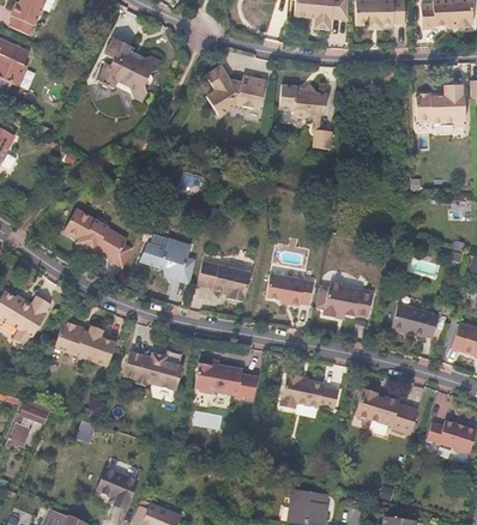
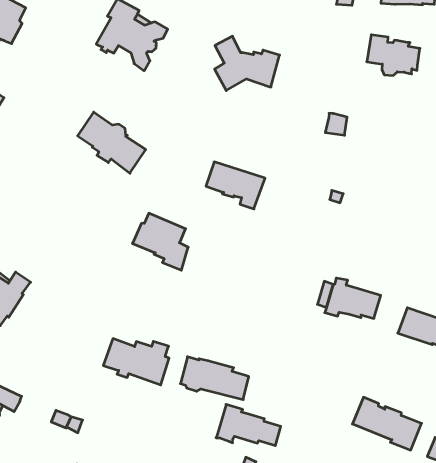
building: [278,84,326,120] -> [367,35,420,75]
building: [64,207,127,261] -> [78,112,146,173]
building: [197,260,250,301] -> [206,162,265,209]
building: [265,272,313,304] -> none
building: [53,321,115,366] -> none
building: [279,373,338,408] -> [216,404,281,446]

